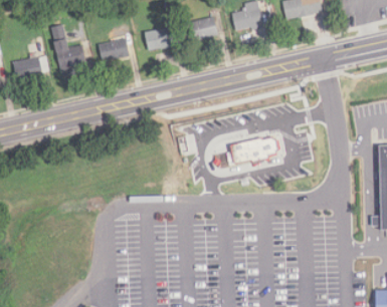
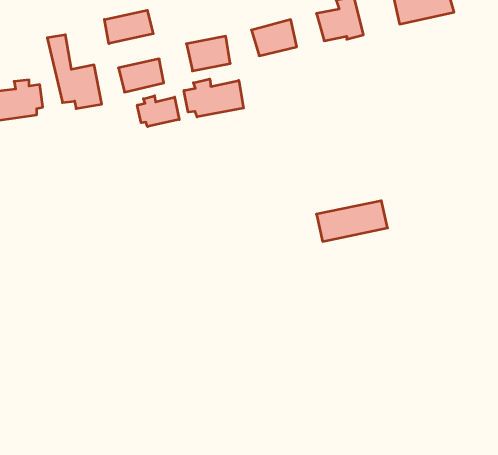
building: none -> [104,10,153,44]
building: none -> [184,79,244,117]
building: none -> [137,96,179,127]

